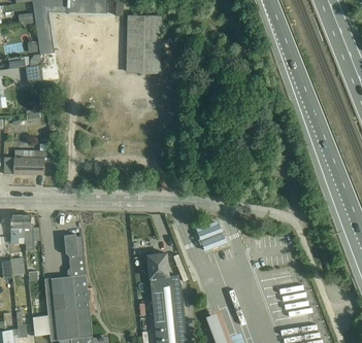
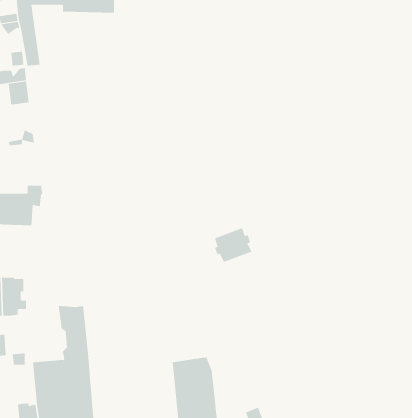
building: [125,15,164,74] -> none
building: [197,225,226,251] -> [214,227,252,263]
building: [145,252,169,280] -> none

